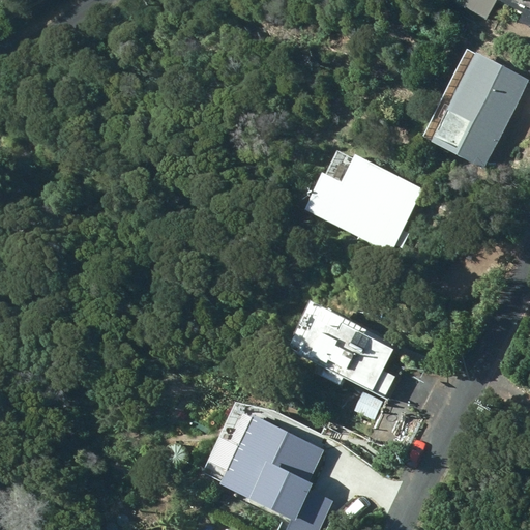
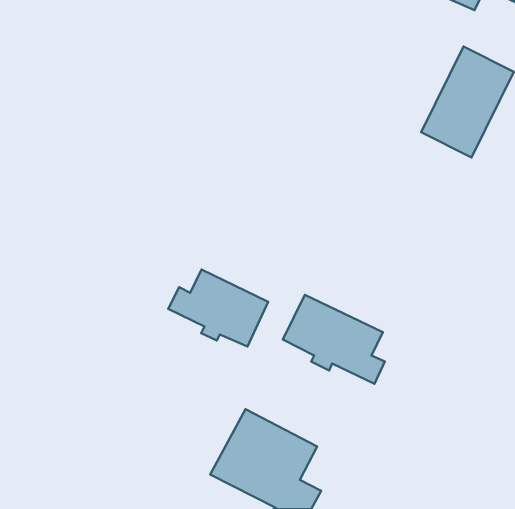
building: [313,153,421,252] -> none
building: none -> [168,270,268,347]

